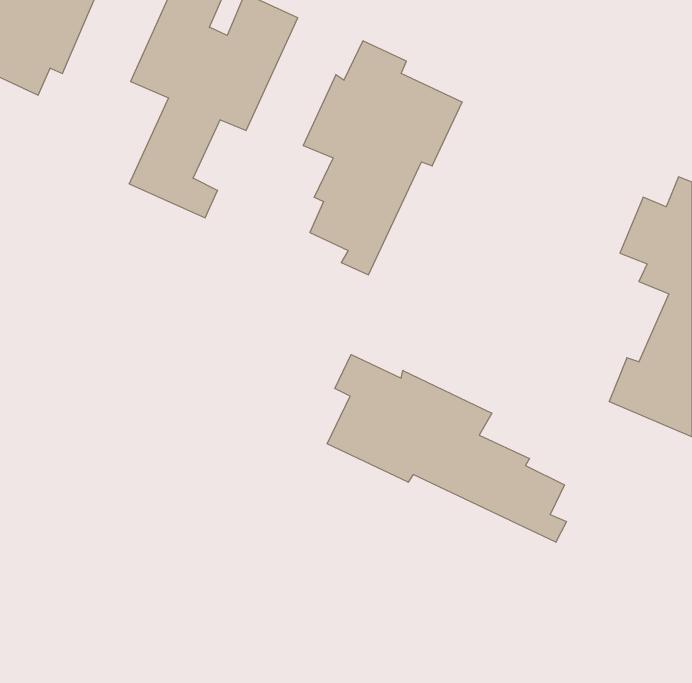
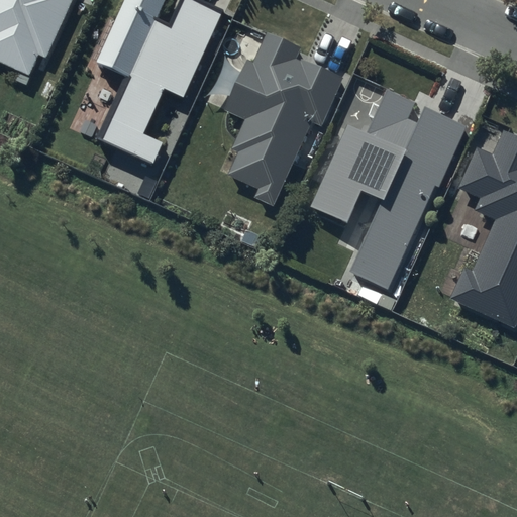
building: none -> [310,91,467,291]
building: [327,355,566,542] -> none

